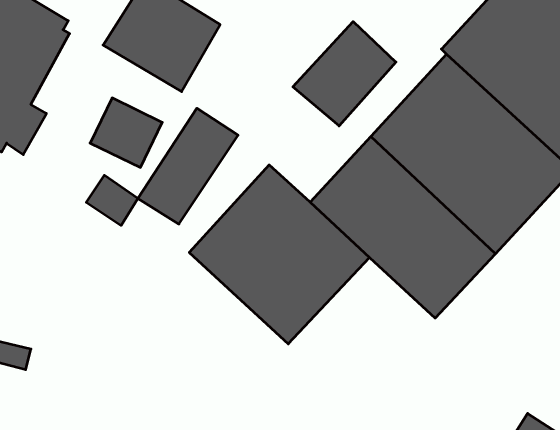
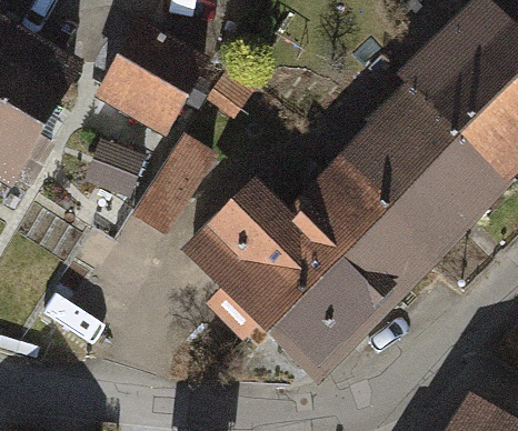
building: [293,22,396,126] -> none
building: none -> [260,265,387,393]

